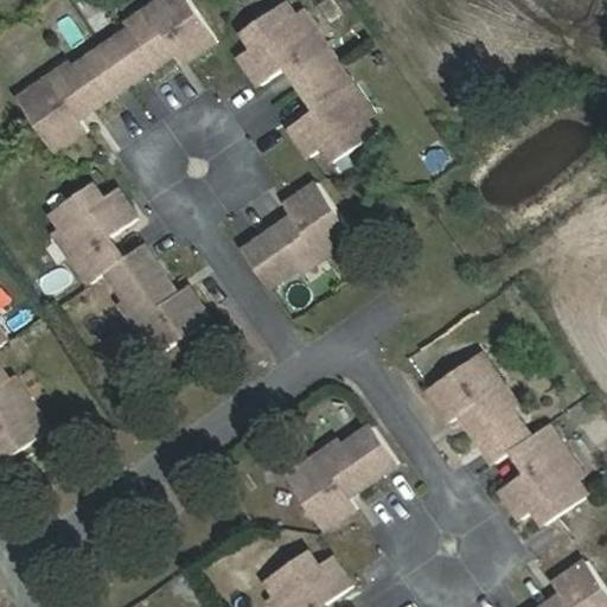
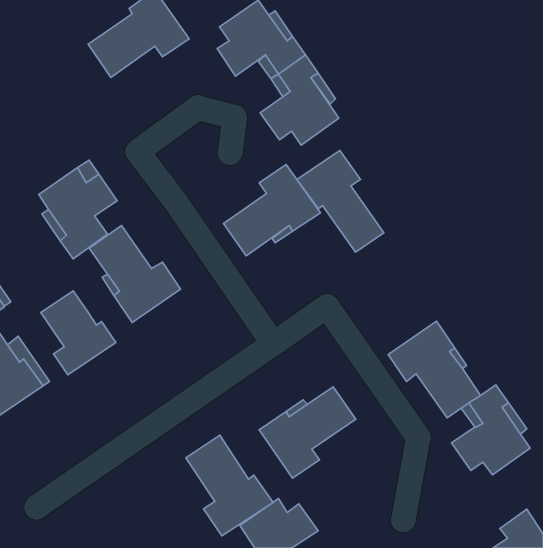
building: [15,49,122,151] -> none
building: none -> [297,151,384,252]
building: none -> [41,291,116,375]
building: none -> [186,435,273,536]

